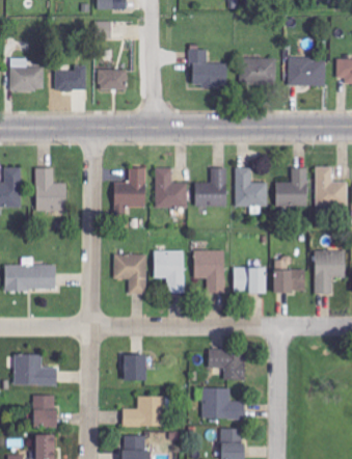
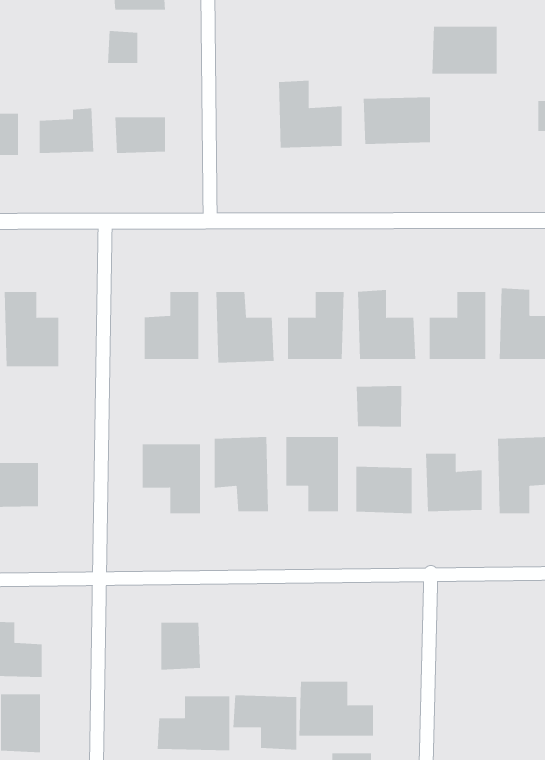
building: [288,58,325,85] -> [431,26,498,74]
building: none -> [356,385,402,428]
building: [208,349,244,380] -> [233,695,297,750]

